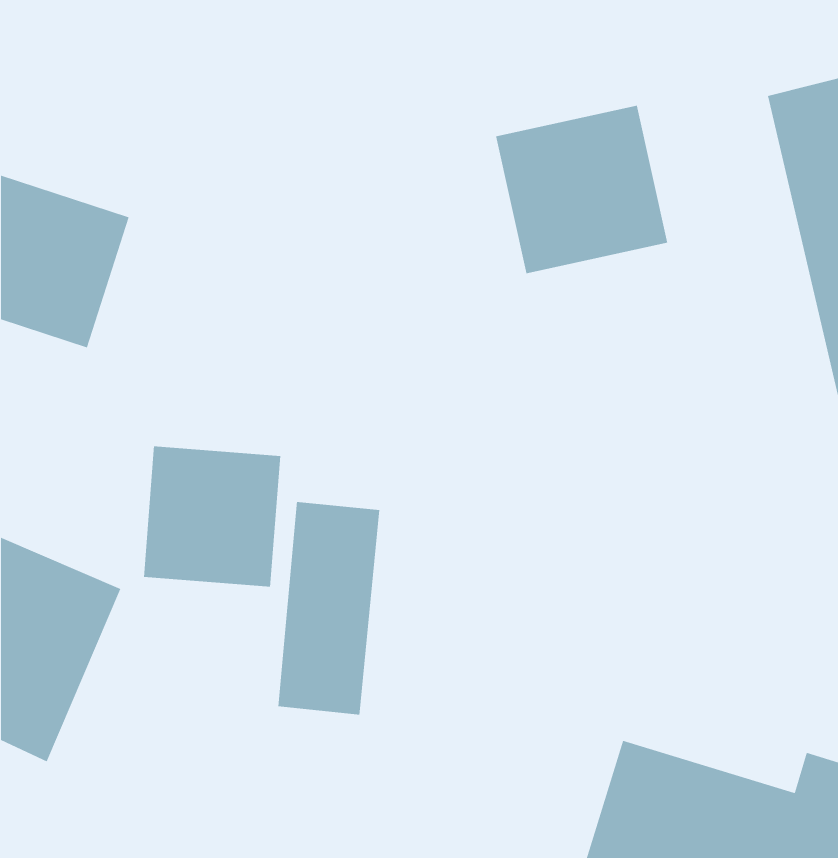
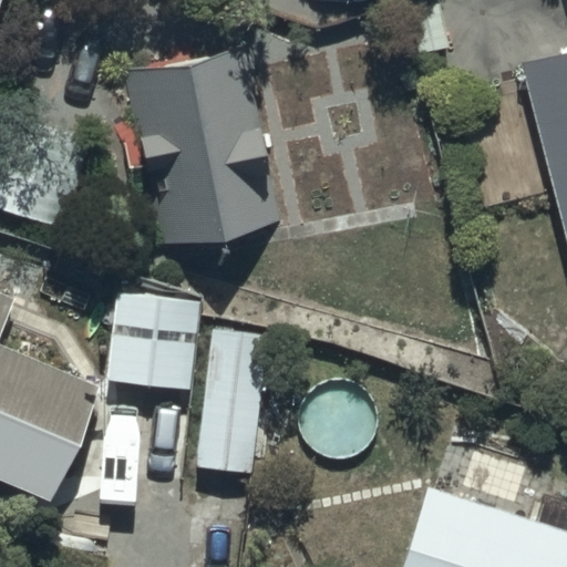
building: none -> [130,44,295,249]
building: [496,105,668,274] -> none

